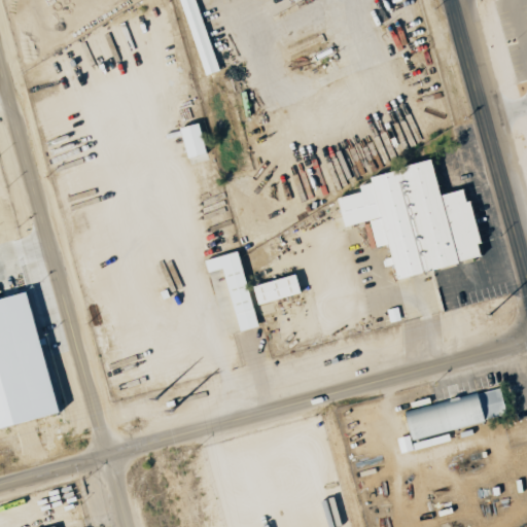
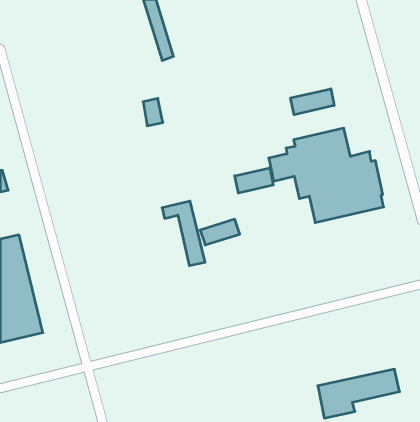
building: none -> [291,89,334,115]
building: none -> [235,168,273,193]
building: [406,388,507,449] -> [318,369,400,418]

